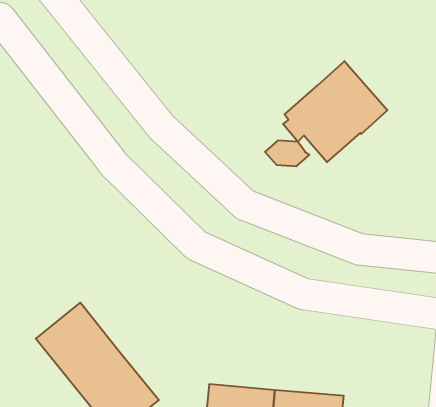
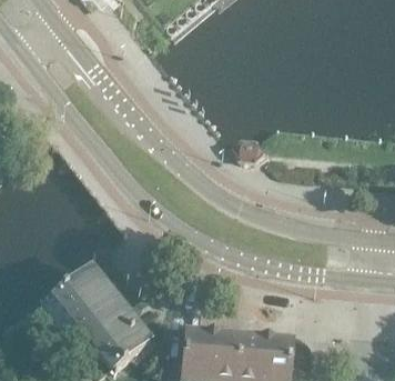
building: [283,61,388,162] -> none

